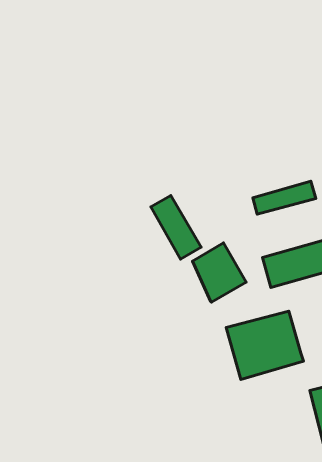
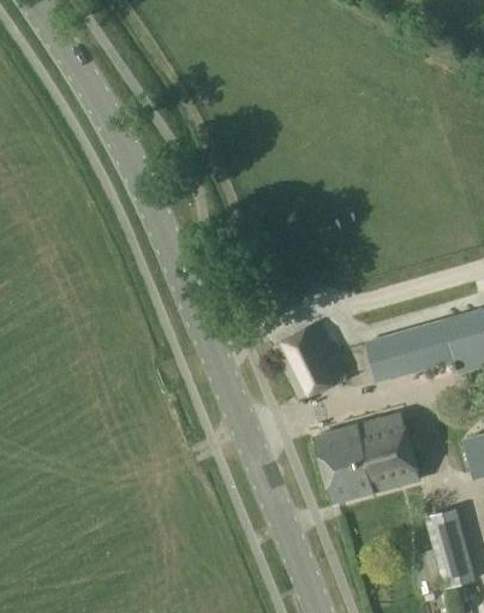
building: [253,181,316,214] -> none
building: [151,195,201,259] -> none

